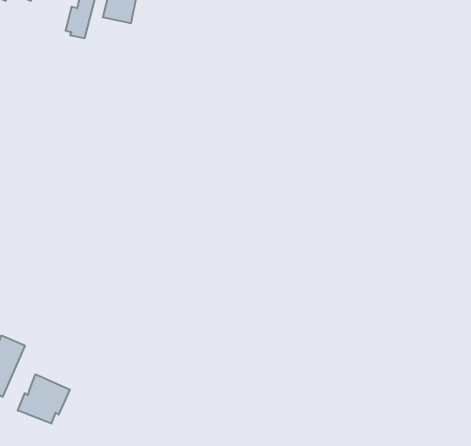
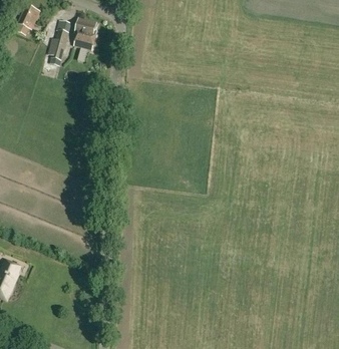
building: [18,374,70,424] -> none

